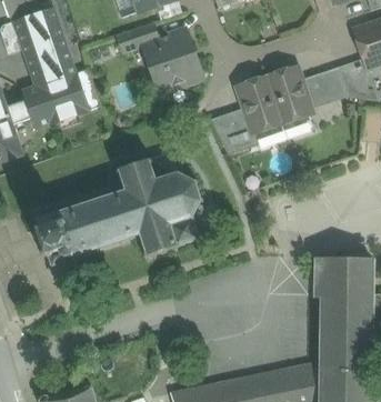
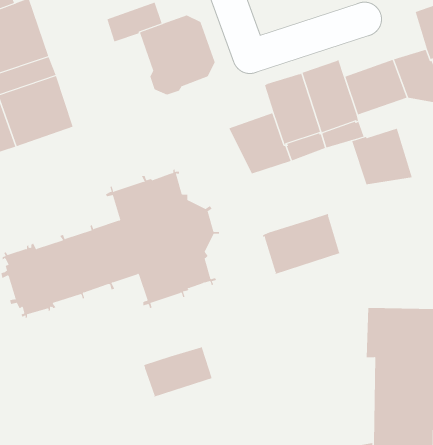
building: none -> [351,128,413,185]
building: none -> [262,213,341,275]
building: none -> [144,346,214,398]

